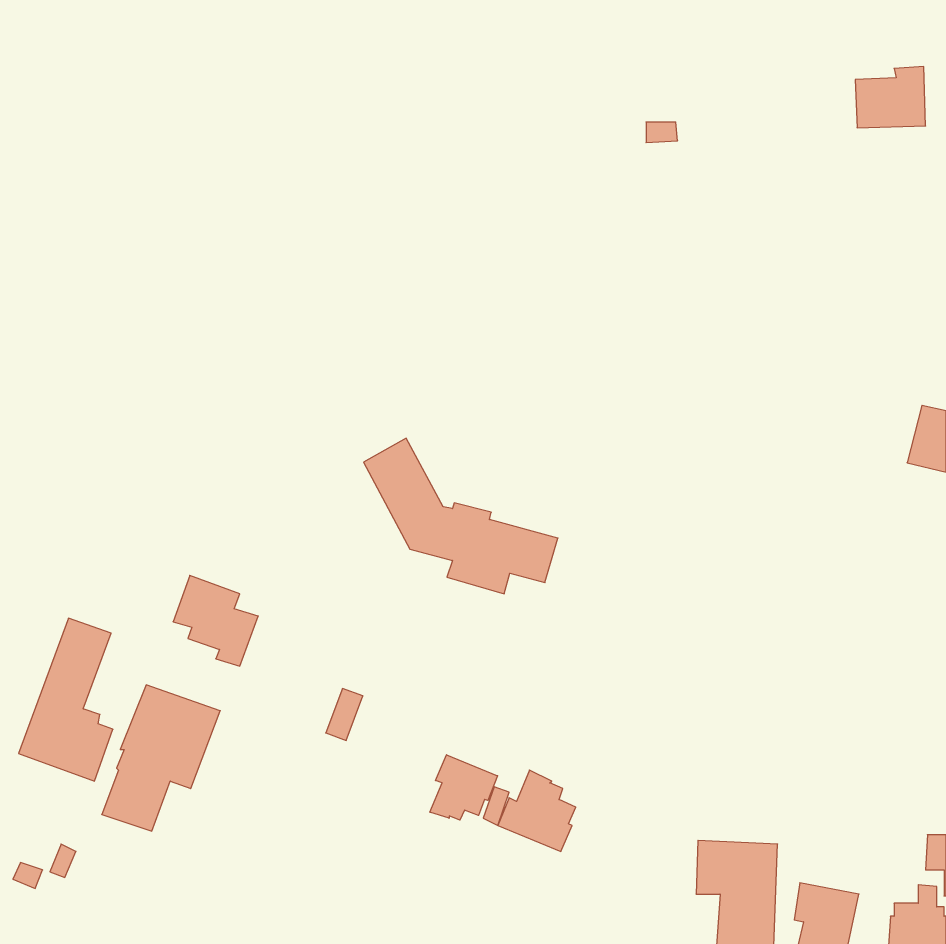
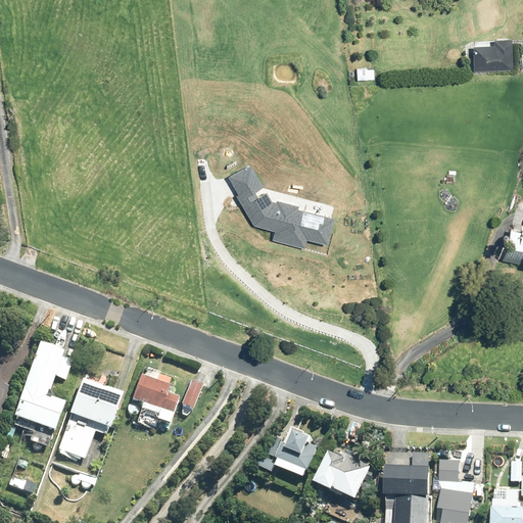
building: [364,438,558,594] -> [228,160,335,246]
building: [173,575,258,666] -> [131,375,178,425]
building: [430,755,498,820] -> none
building: none -> [314,451,371,498]
building: none -> [439,460,460,483]

